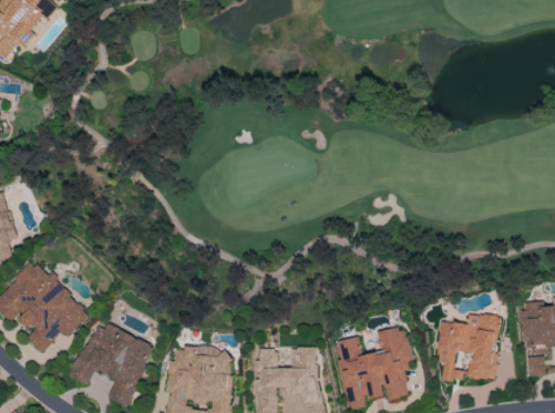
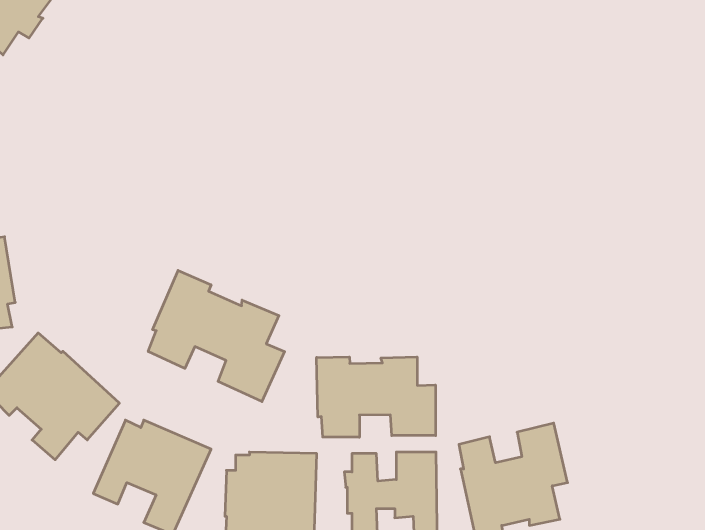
building: none -> [148,270,285,402]
building: none -> [317,357,436,437]
building: [436,313,499,380] -> none

